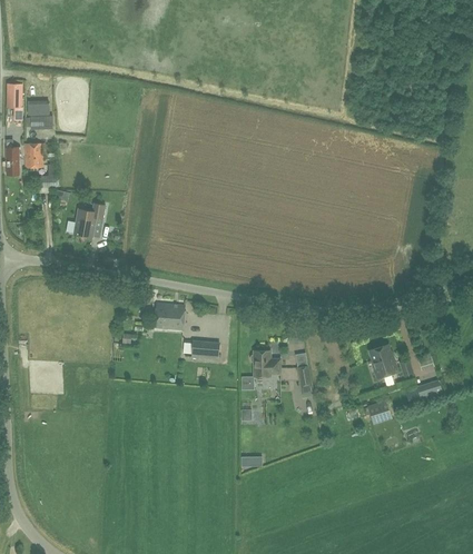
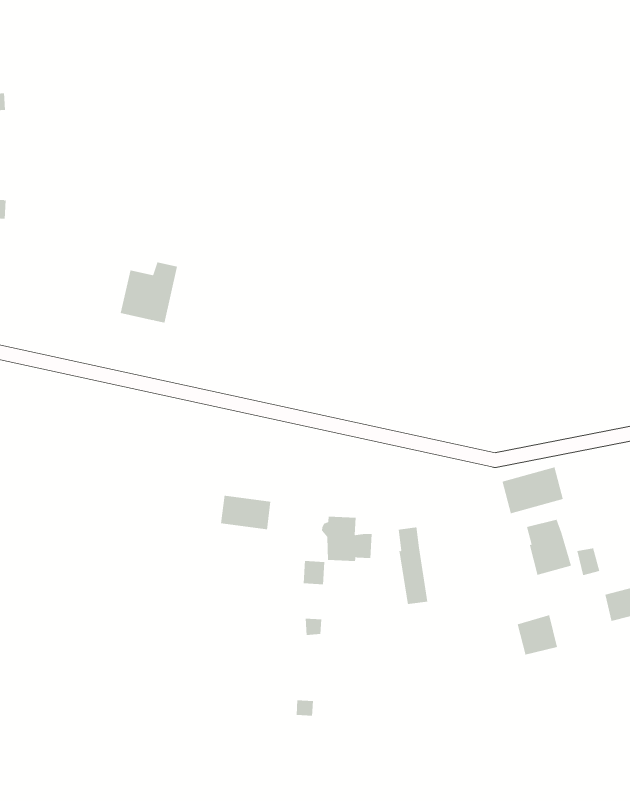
building: [72,201,105,237] -> [120,262,178,323]
building: [154,303,184,328] -> none
building: none -> [502,467,563,514]

